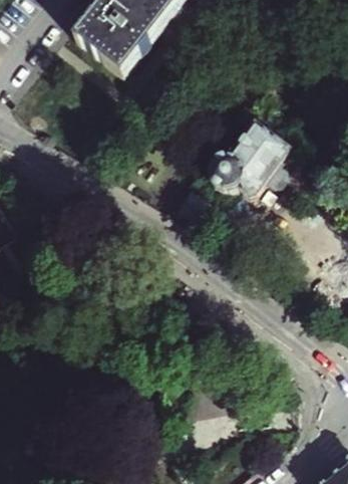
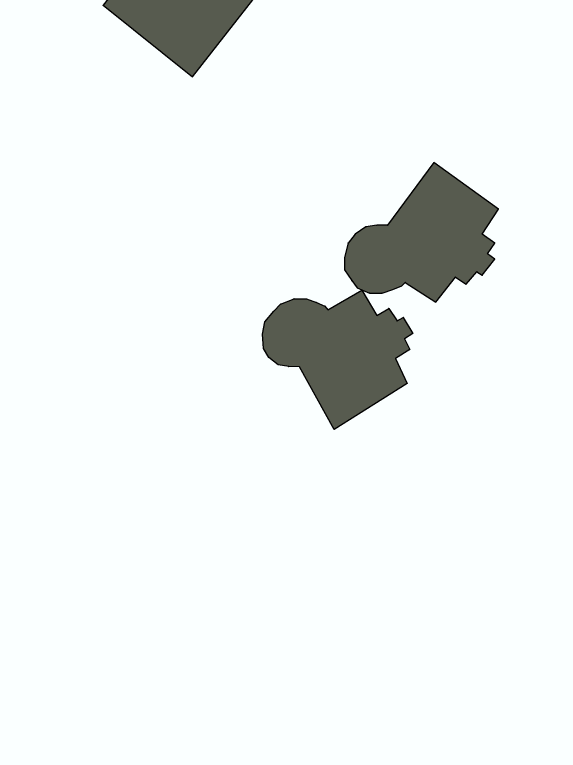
building: none -> [262,290,413,429]

